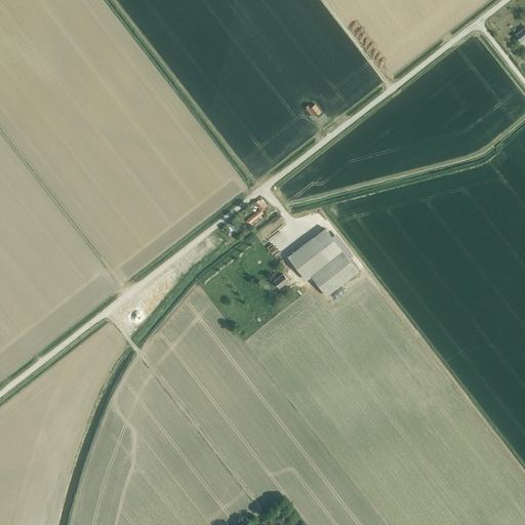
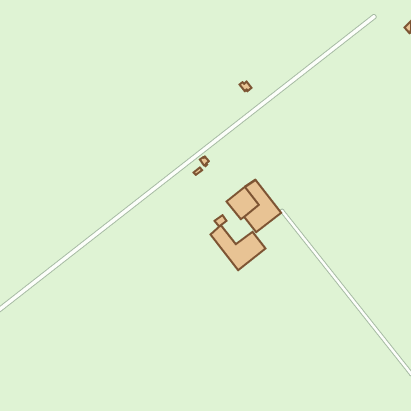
building: none -> [210,225,265,270]

